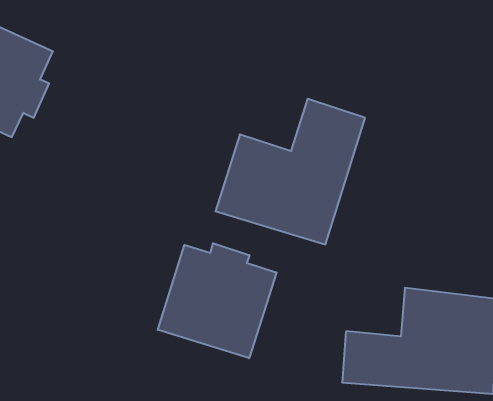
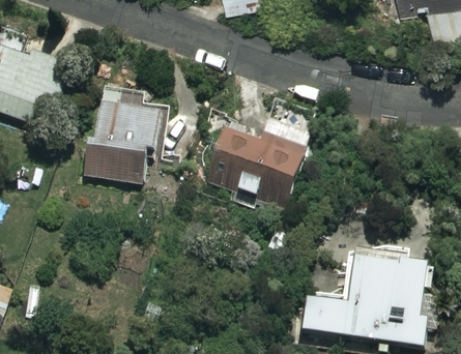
building: none -> [79,94,166,183]
building: [158,243,277,358] -> none

